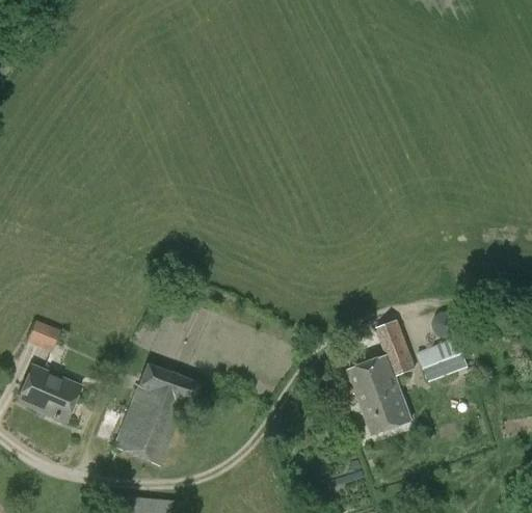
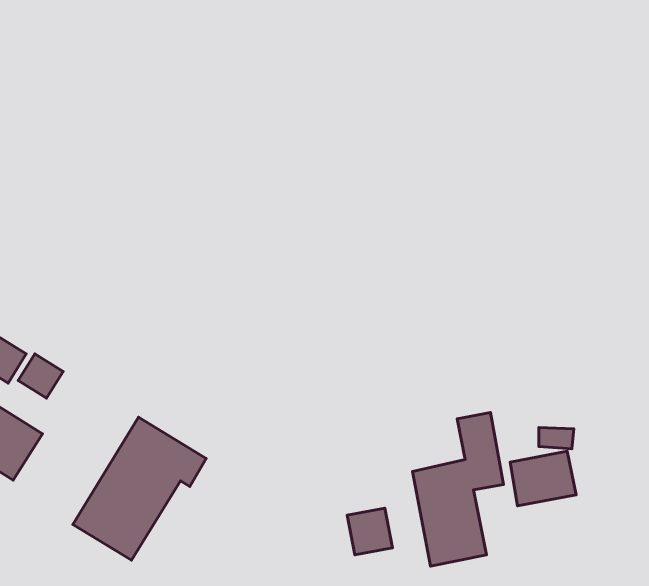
building: none -> [18,354,63,398]
building: none -> [347,508,393,555]

